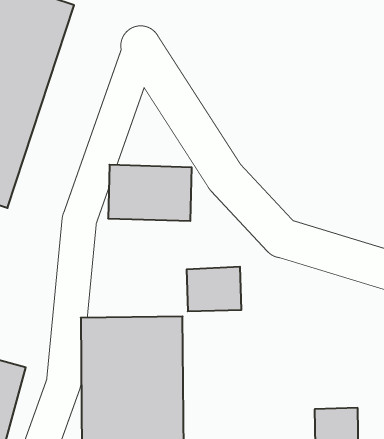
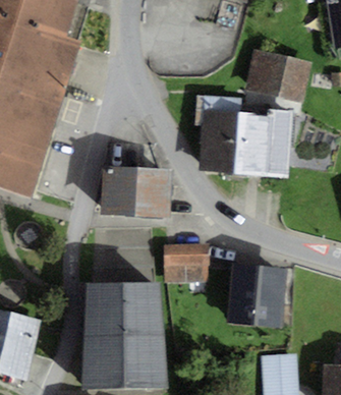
building: none -> [246,53,308,105]
building: none -> [198,92,291,168]
building: none -> [232,264,284,319]

